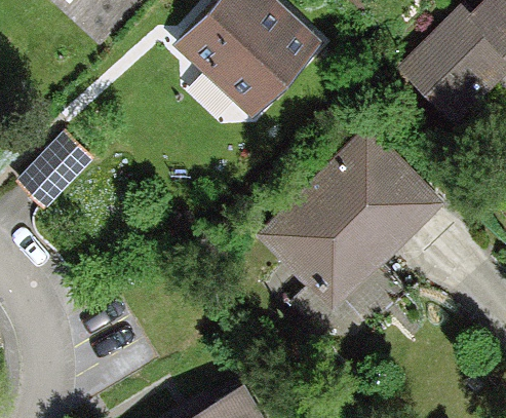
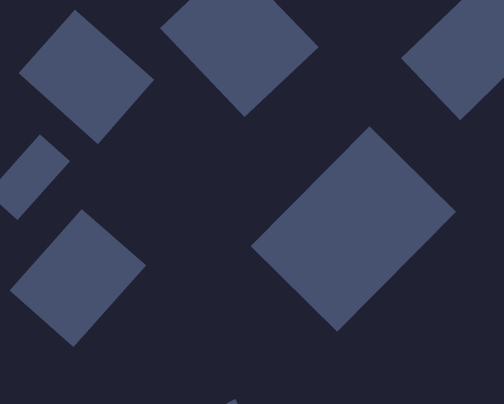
building: none -> [18,9,155,145]
building: none -> [9,208,147,348]

